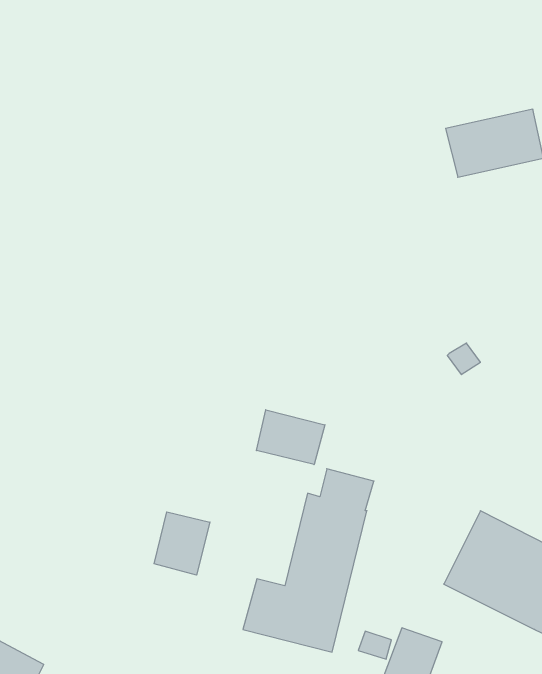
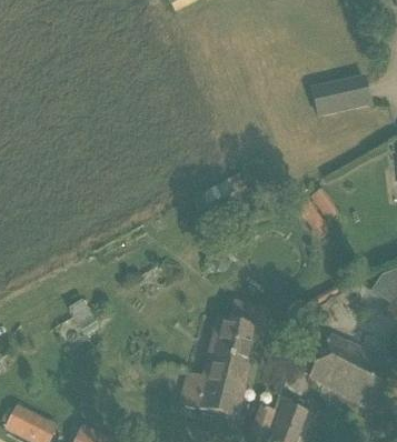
building: [256,410,325,465] -> none
building: [154,512,210,575] -> none

